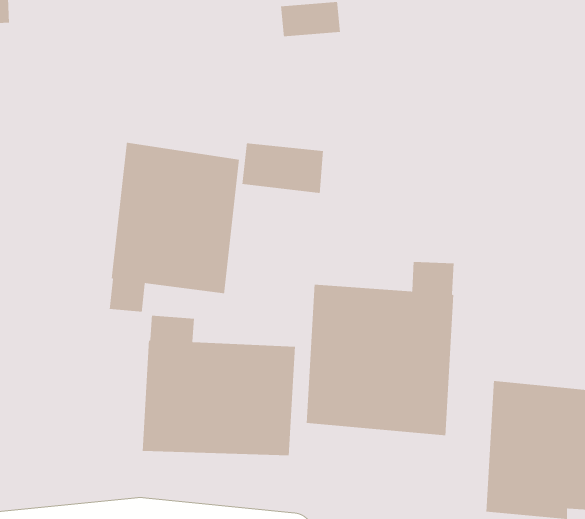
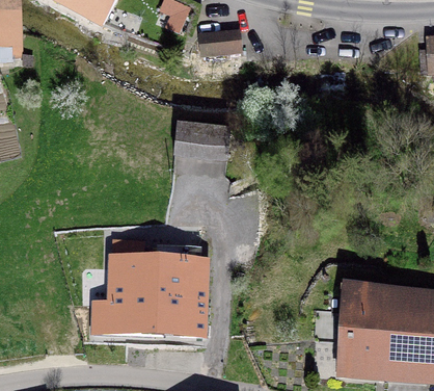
building: [109,142,240,312] -> none
building: [306,261,454,436] -> none

